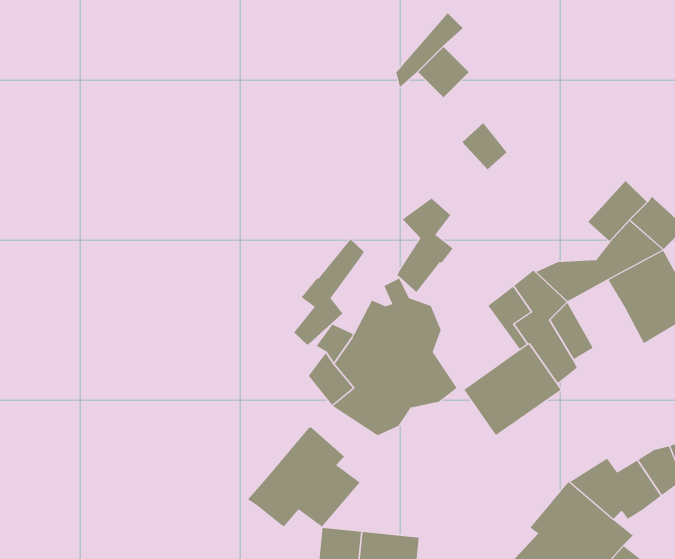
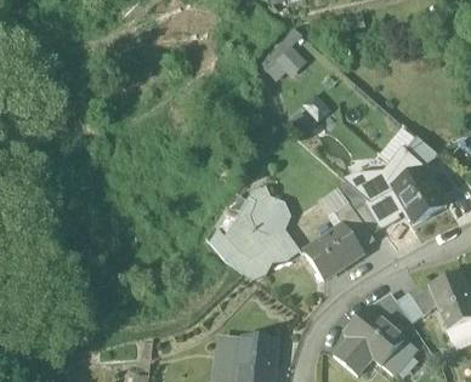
building: [397,197,454,293] -> none
building: [293,239,365,346] -> none
building: none -> [367,184,402,226]
building: [247,427,360,528] -> none

